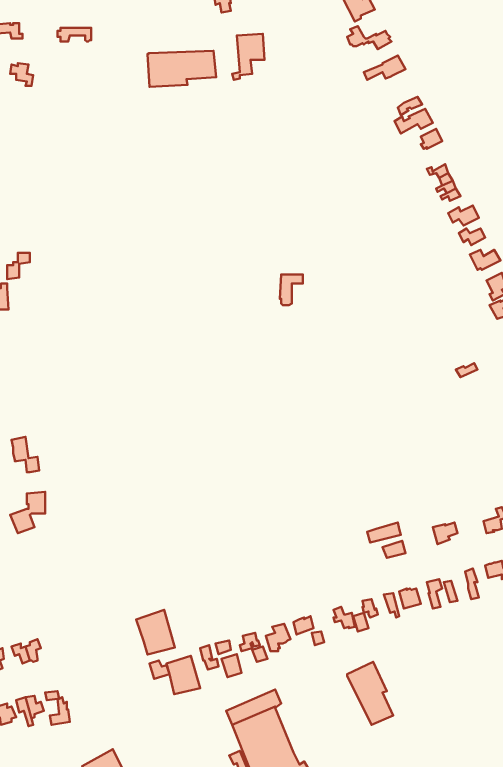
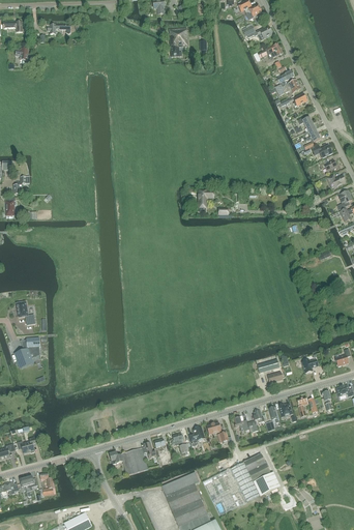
building: [147,51,216,87] -> none
building: [136,610,175,654] -> none
building: none -> [203,462,260,516]

